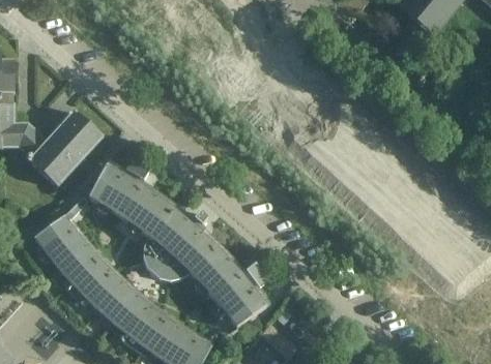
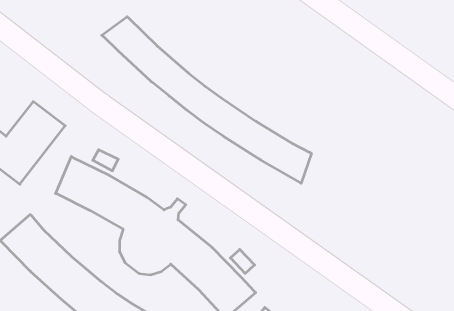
building: none -> [102,17,311,183]

